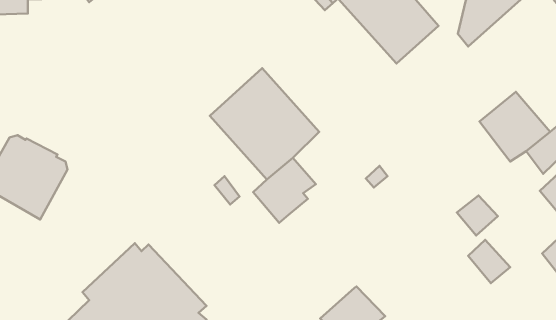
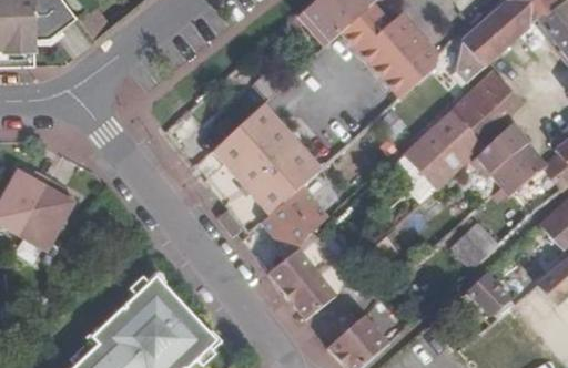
building: none -> [412,71,525,177]
building: none -> [263,246,333,319]

